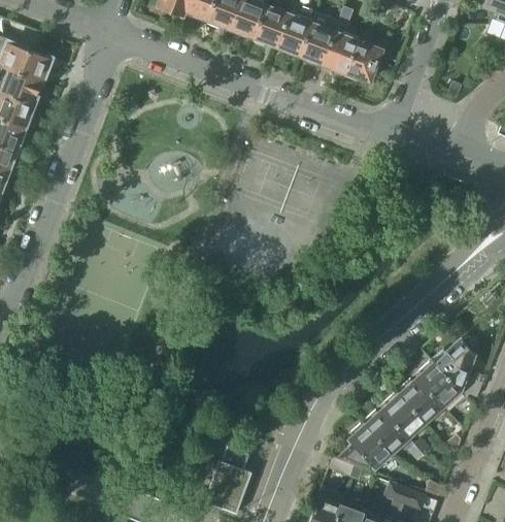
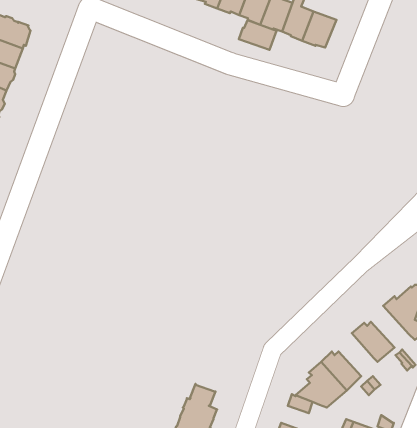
building: none -> [239,20,277,50]
building: [418,360,460,405] -> none
building: [383,390,426,436] -> none

